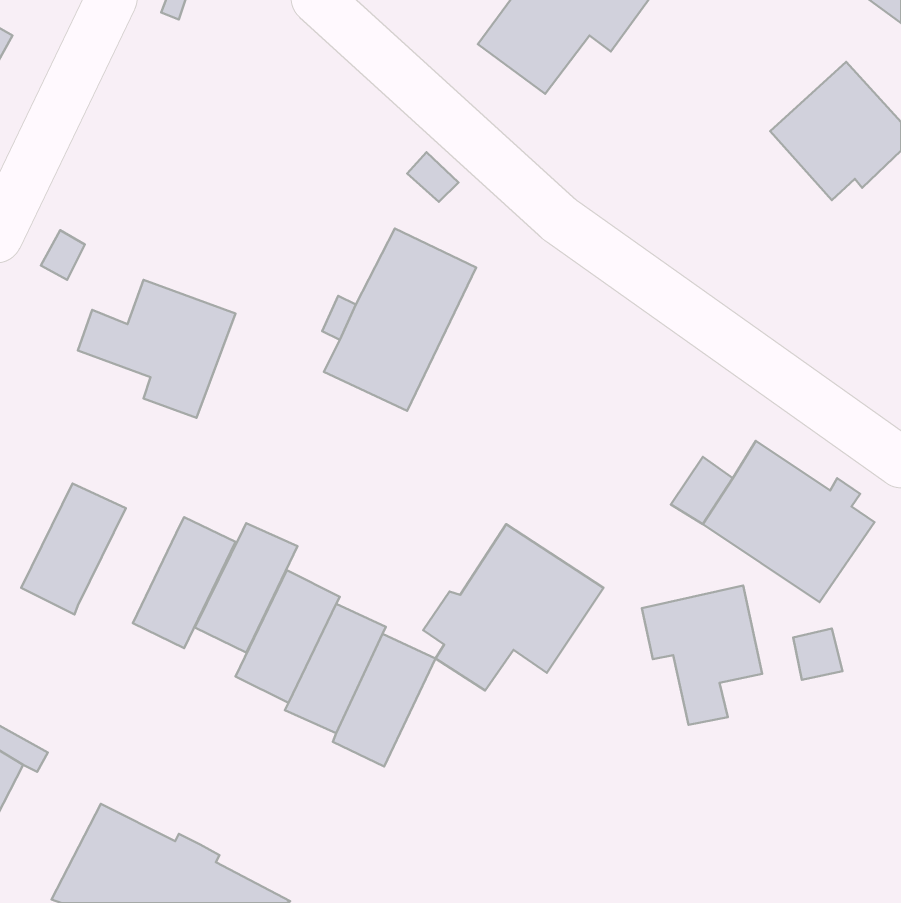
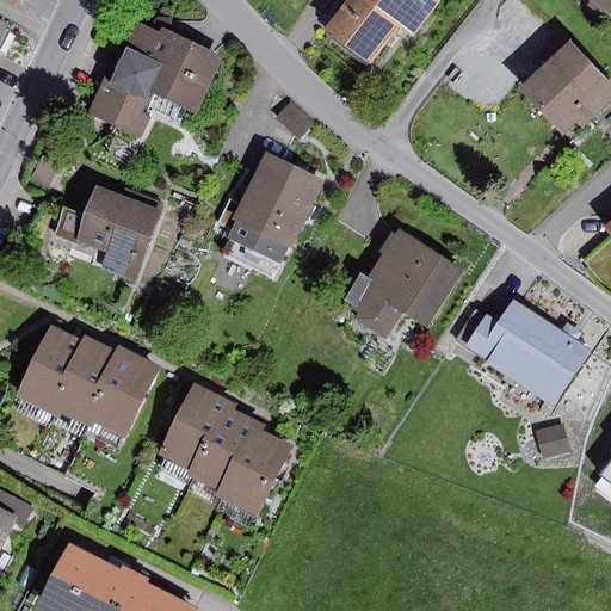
building: none -> [86,23,222,135]
building: [195,523,298,652] -> [53,338,122,425]
building: [423,524,604,691] -> [341,228,463,340]
building: [642,585,762,725] -> none

